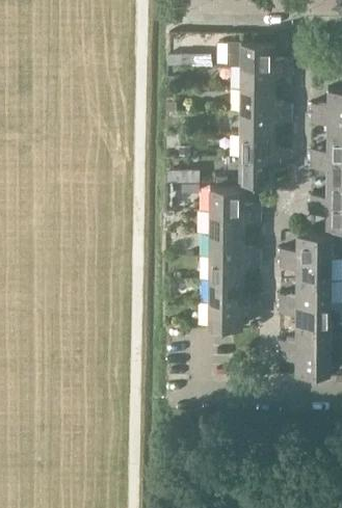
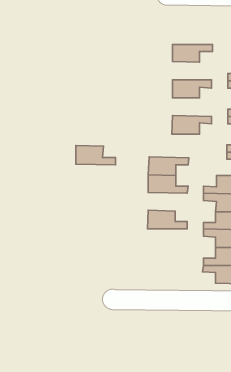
building: [230,45,291,69] -> none
building: [240,90,290,114] -> none
building: [240,137,290,161] -> none
building: [210,189,261,214] -> [76,145,116,165]
building: [209,259,259,283] -> none
building: [208,305,259,328] -> none

